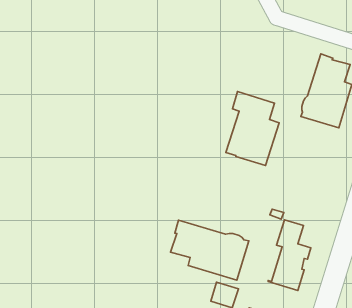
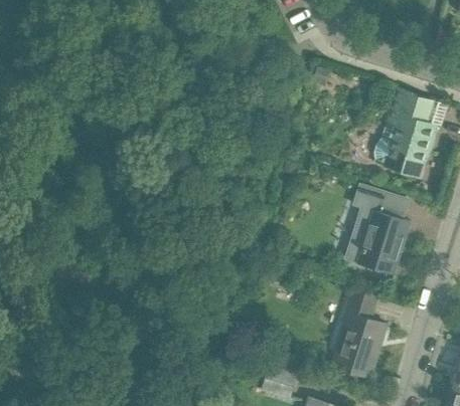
building: [226,92,279,166] -> [344,184,410,274]
building: [171,220,249,280] -> none

